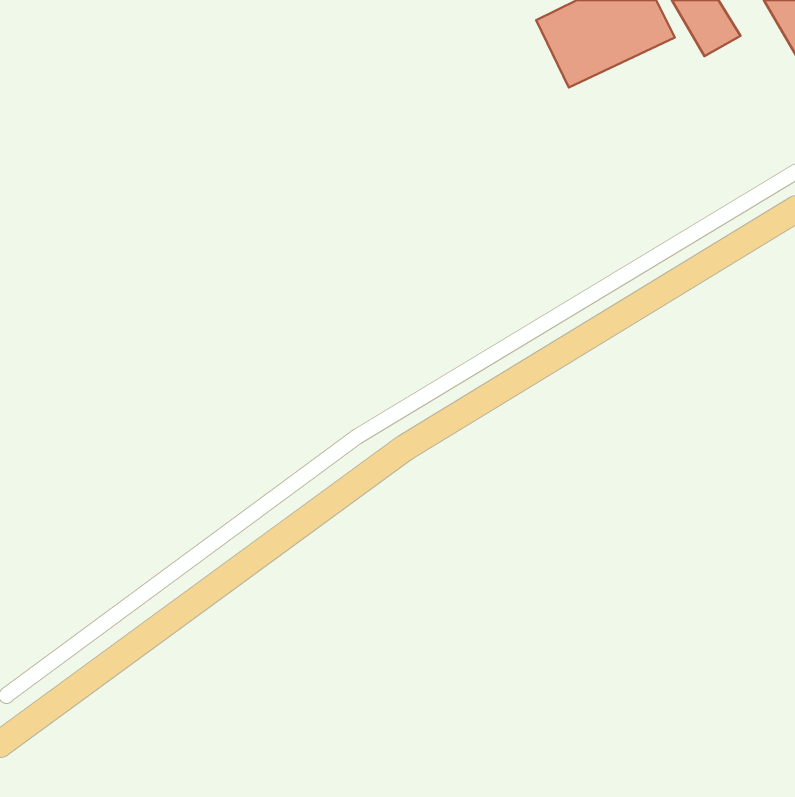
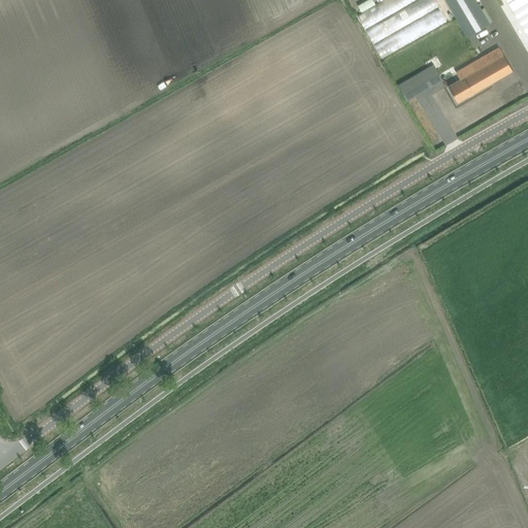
building: none -> [450,47,514,102]
building: none -> [399,64,443,100]

